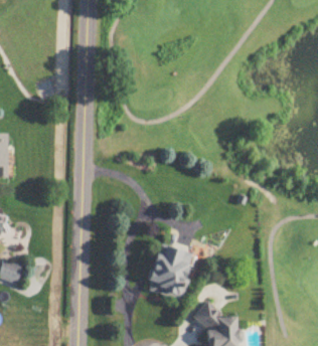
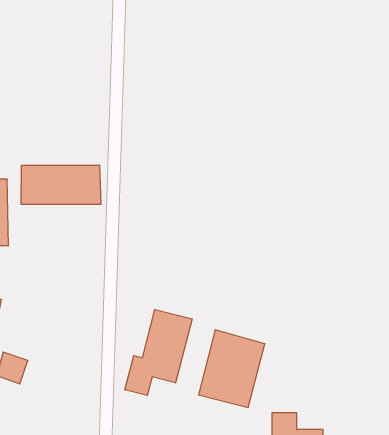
building: none -> [21,165,101,204]
building: none -> [125,309,192,396]

